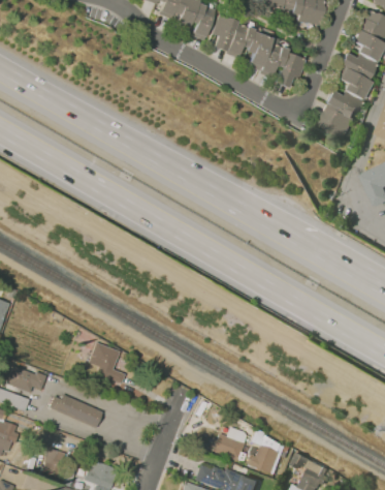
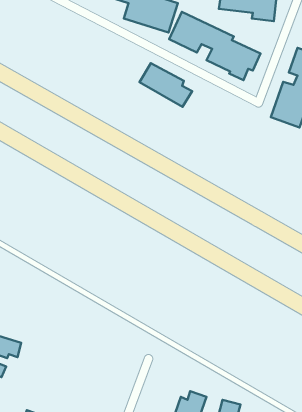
building: none -> [139,63,192,107]
building: [88,342,125,385] -> none
building: [47,393,103,428] -> none

